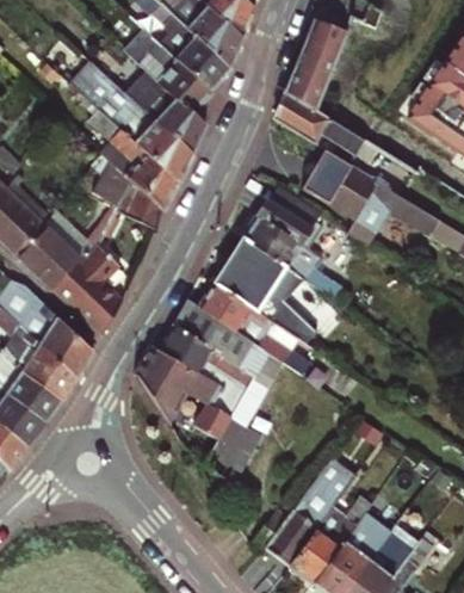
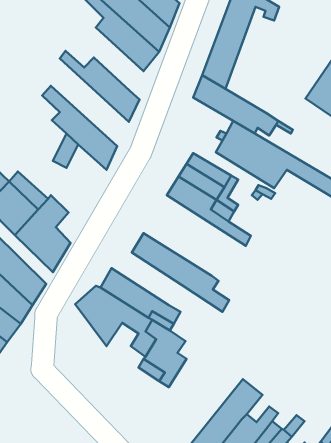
building: [119,13,214,112] -> none
building: [69,56,193,180] -> none
building: [116,178,166,227] -> none
building: [211,240,303,339] -> none
building: [172,303,258,375] -> none

